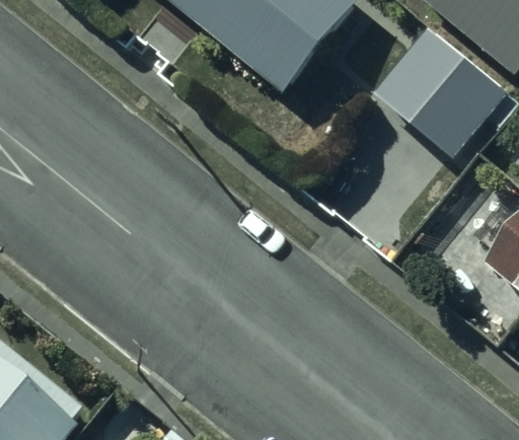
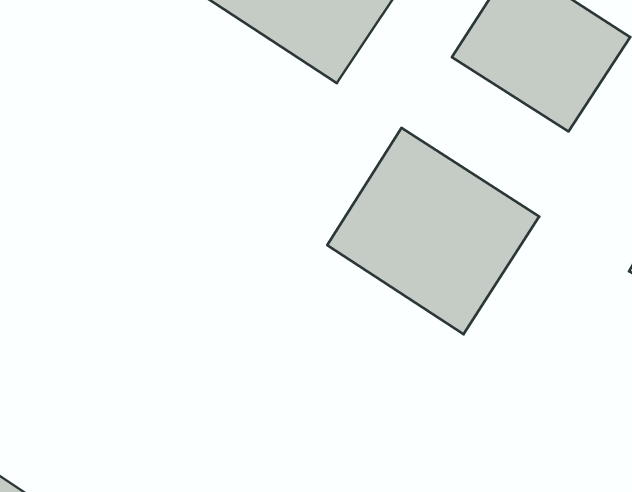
building: none -> [327,128,539,334]

